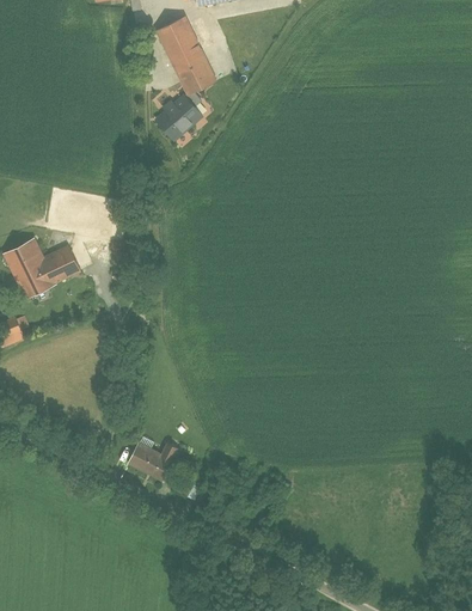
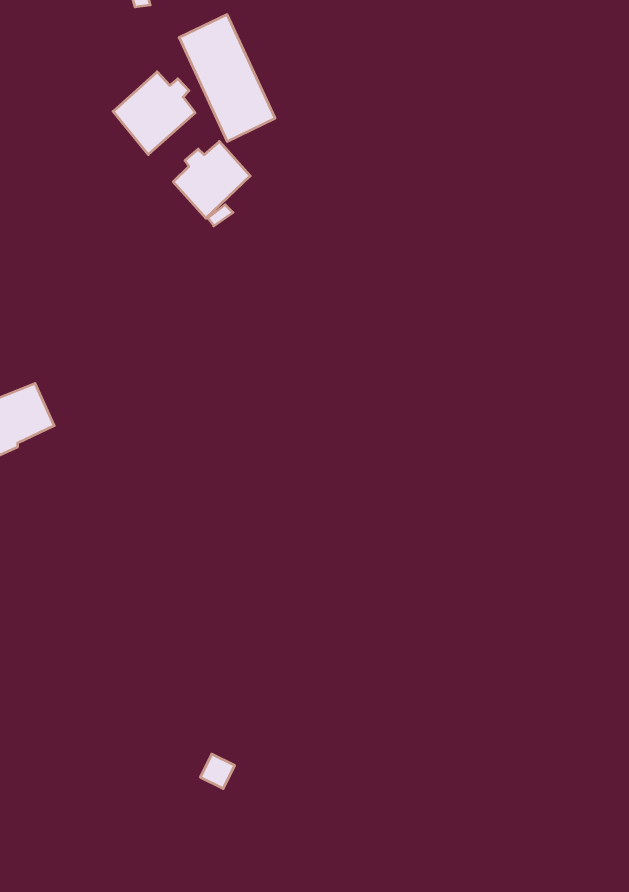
building: none -> [113,72,195,155]
building: [127,442,179,478] -> none

